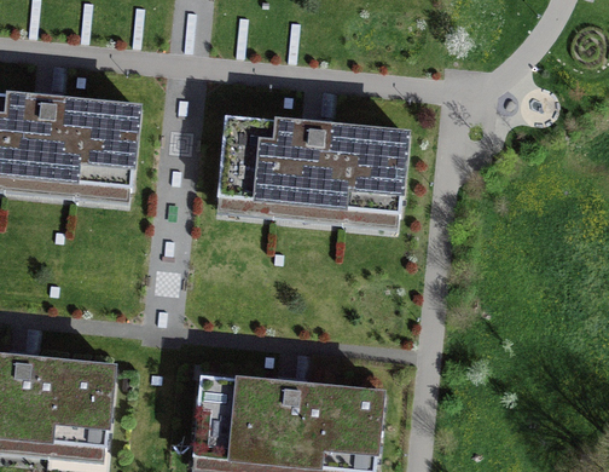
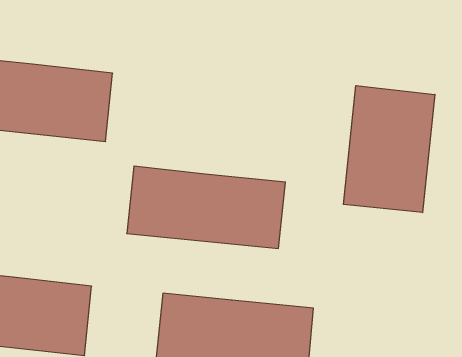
building: [218,122,408,221] -> [127,166,285,248]
building: none -> [343,86,435,213]

